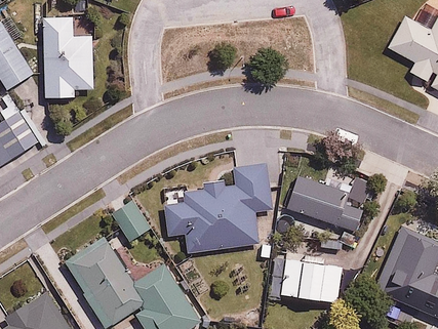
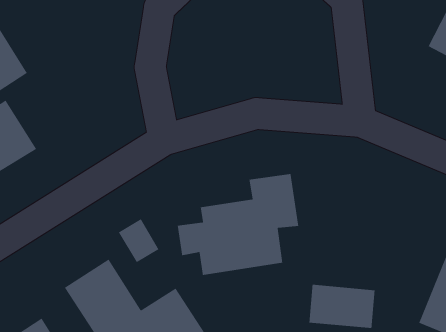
building: [43,16,95,97] -> none
building: [287,175,364,232] -> none

